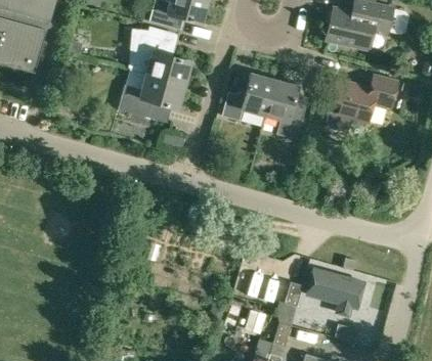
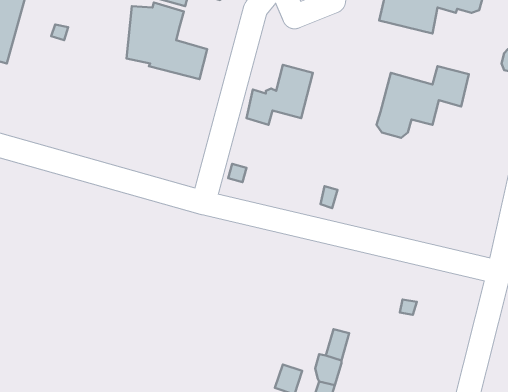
building: [117,75,184,118] -> none
building: [264,80,302,139] -> none
building: [305,266,365,307] -> none

